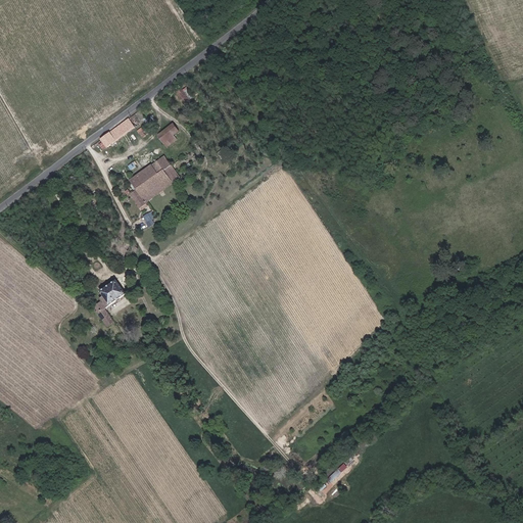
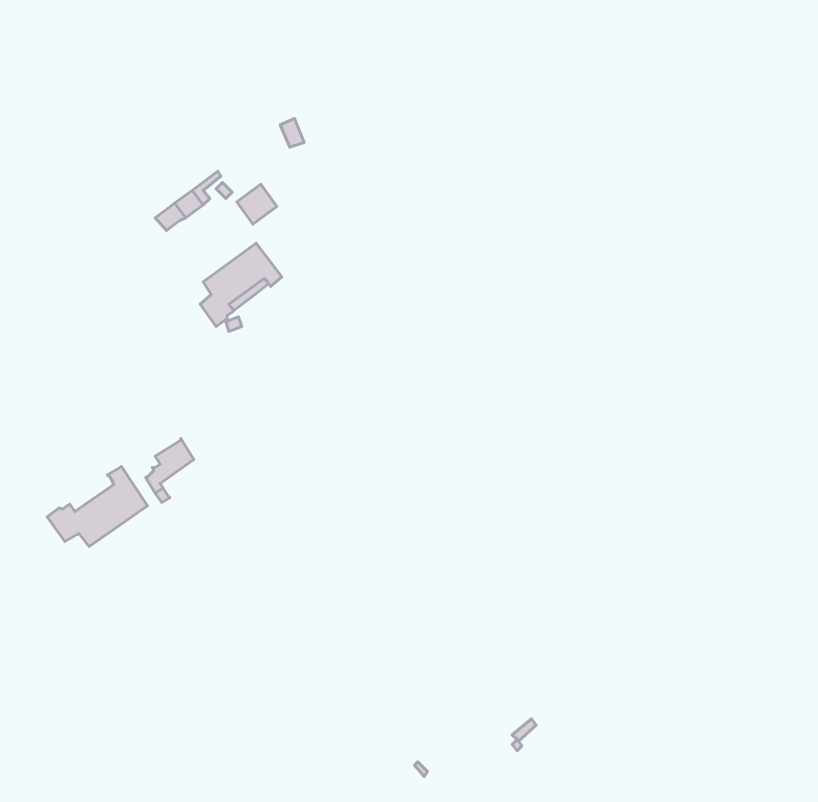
building: none -> [47,467,148,547]

